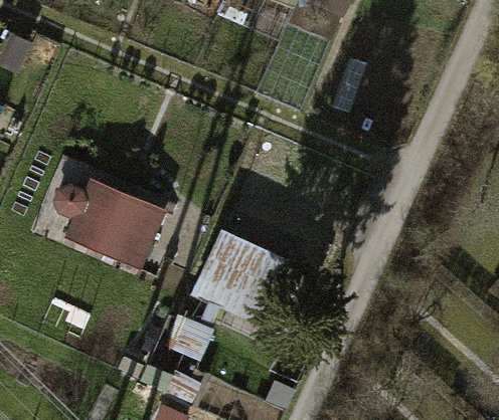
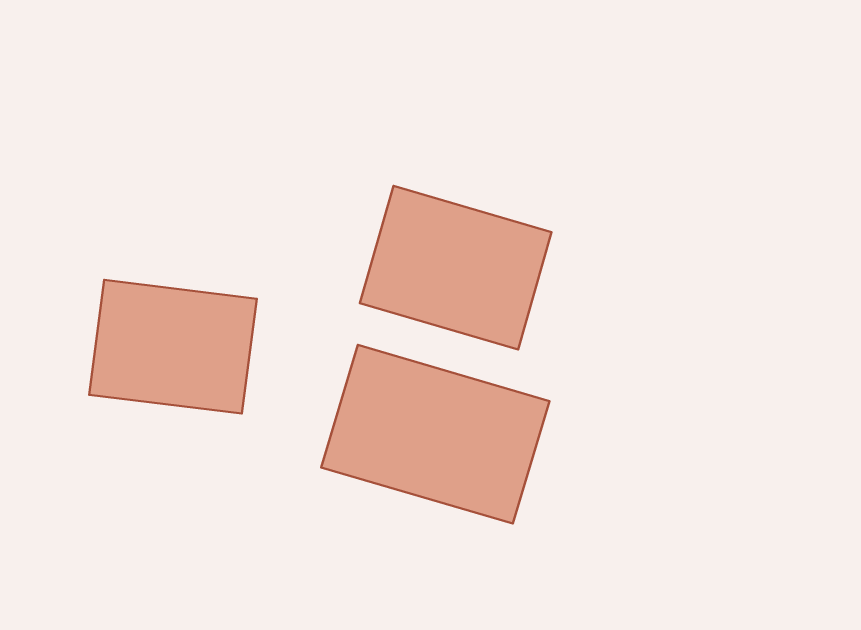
building: none -> [360,186,552,349]

